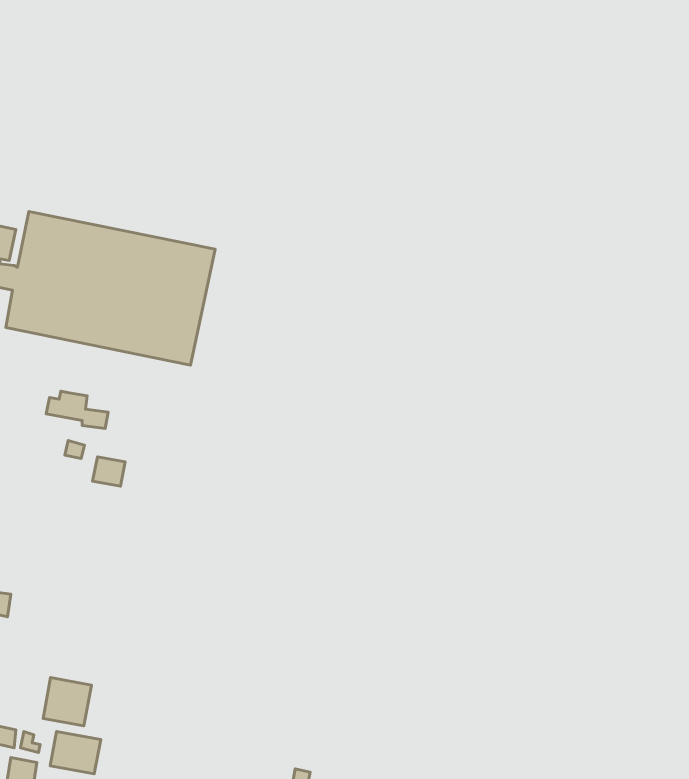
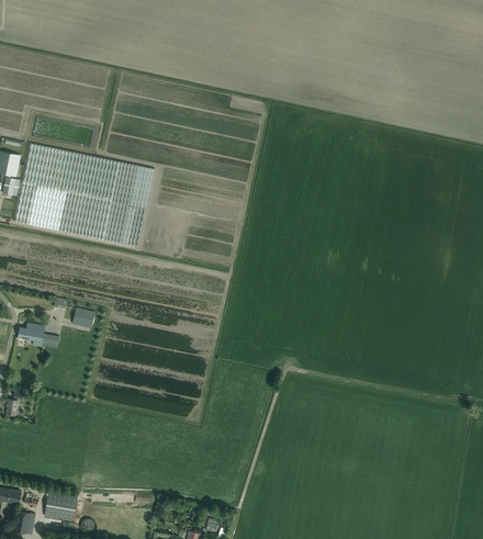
building: [46,391,108,429] -> [18,323,59,348]
building: [43,678,91,726] -> none

